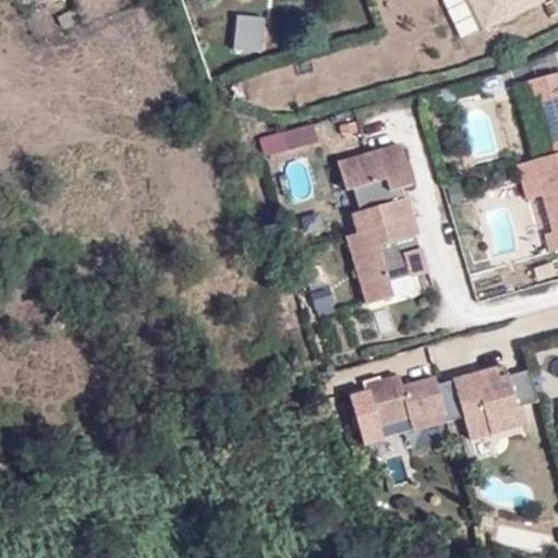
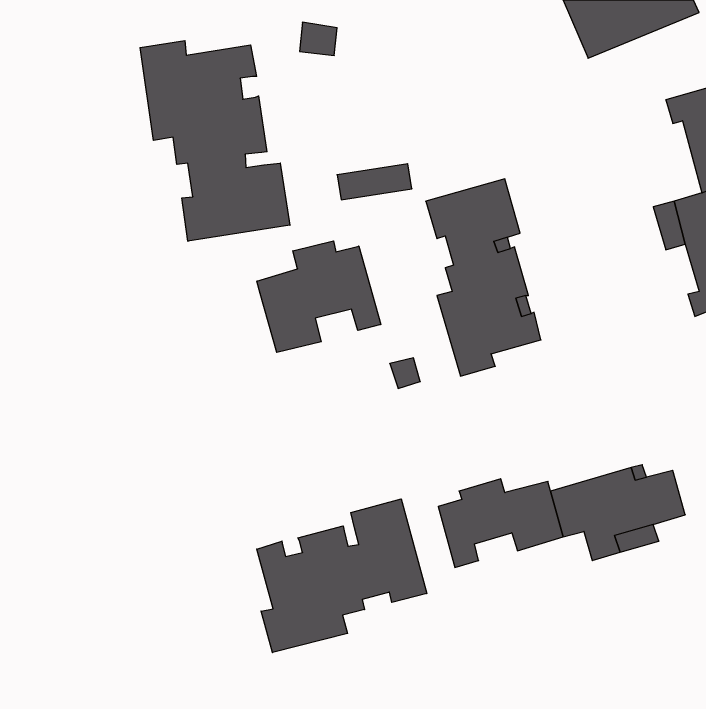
building: none -> [140,41,290,241]
building: none -> [257,241,381,352]
building: none -> [257,499,427,653]

